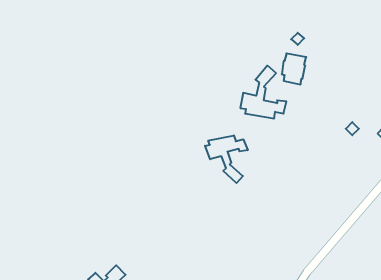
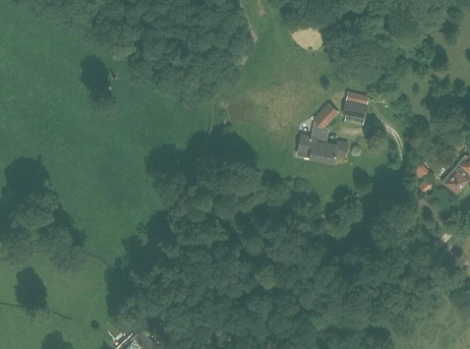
building: [205,135,248,183] -> none

